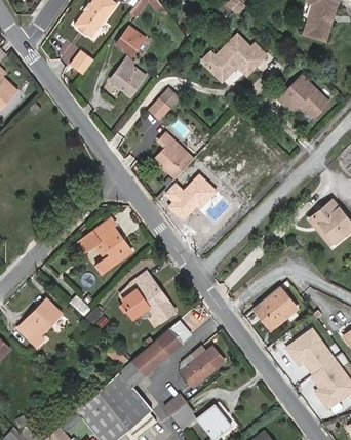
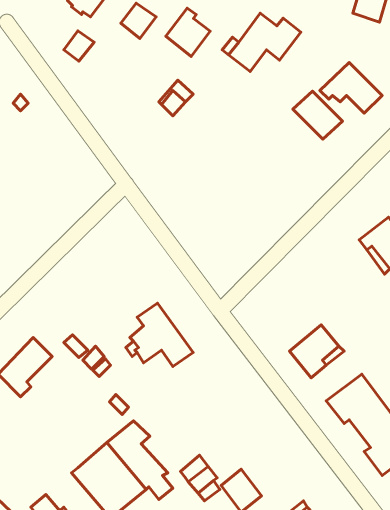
building: [110,57,146,96] -> [166,8,210,56]
building: none -> [293,91,342,139]
building: [155,134,193,177] -> none
building: [164,172,217,223] -> none
building: [79,218,133,274] -> none
building: [127,321,191,377] -> none
building: [180,345,226,385] -> none

